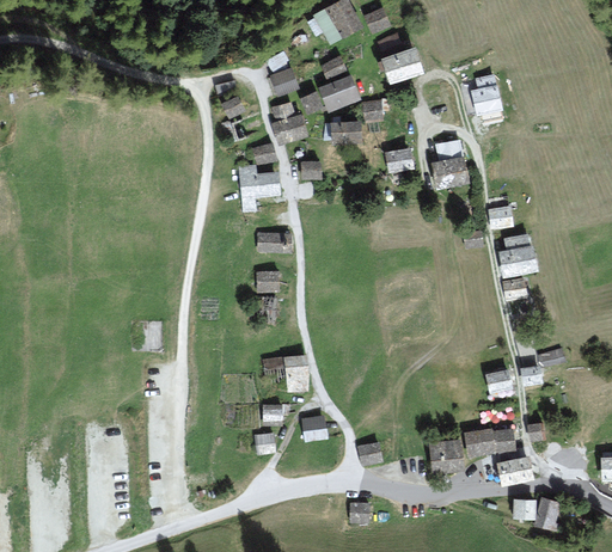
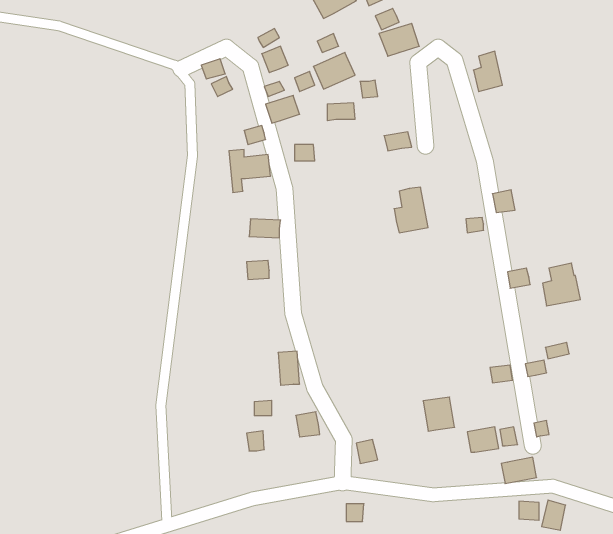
building: [433,141,465,184] -> [394,187,428,233]
building: [498,232,534,272] -> [543,263,580,306]
building: [430,438,460,471] -> [423,397,455,431]

